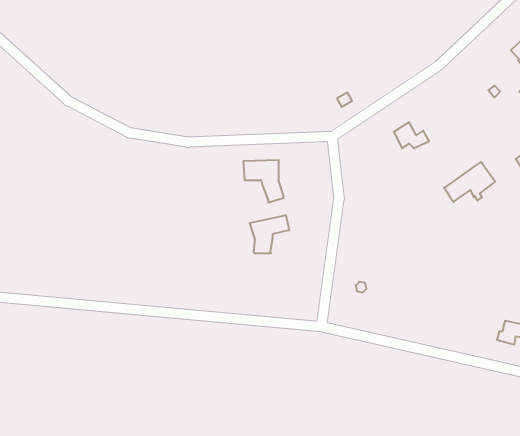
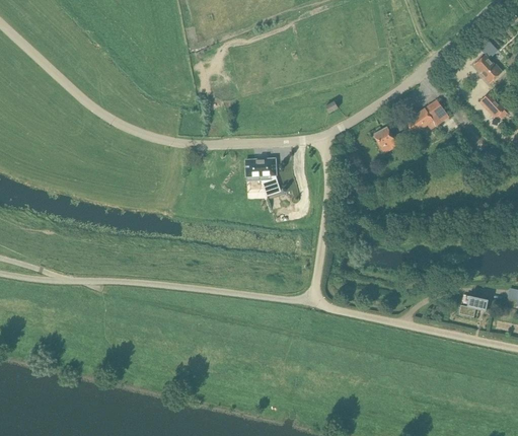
building: [444,162,495,202] -> [404,99,448,134]
building: [250,215,289,253] -> none

